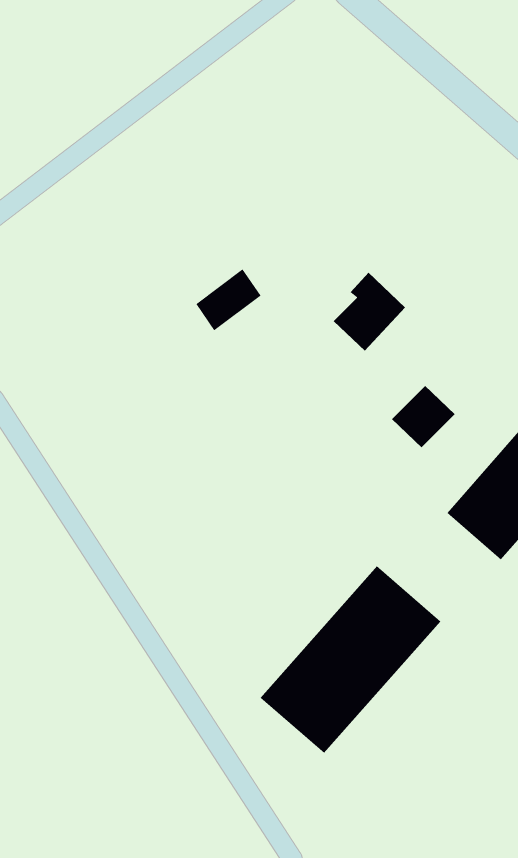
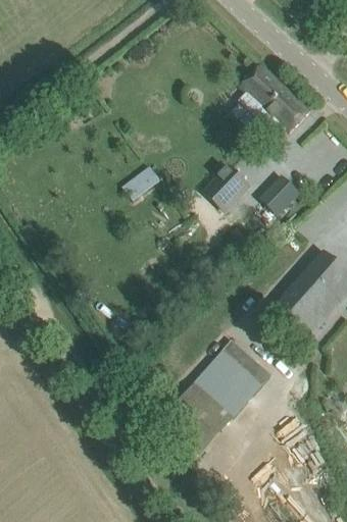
building: none -> [237,64,309,138]
building: [391,385,456,448] -> [259,176,298,214]

